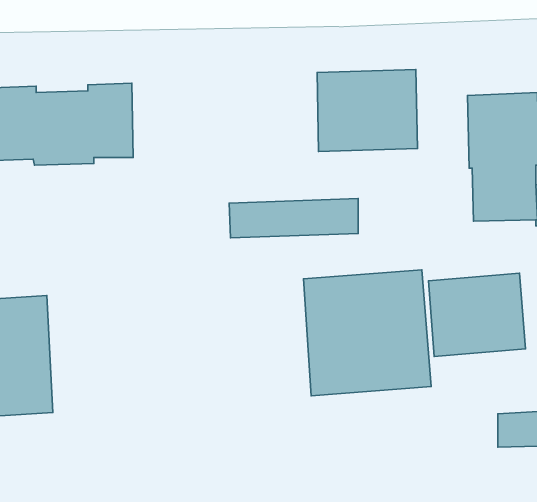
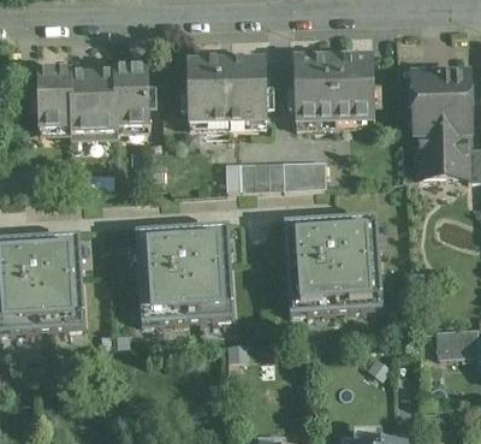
building: none -> [186,59,267,123]
building: [428,273,525,356] -> none
building: none -> [135,224,234,324]

